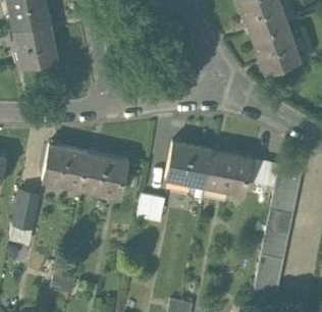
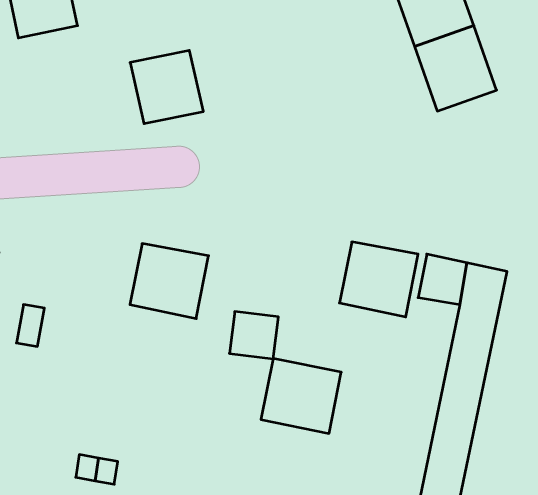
building: [16,25,59,68] -> [130,50,203,124]
building: [164,144,211,188] -> [261,358,341,433]
building: [42,145,89,189] -> none

